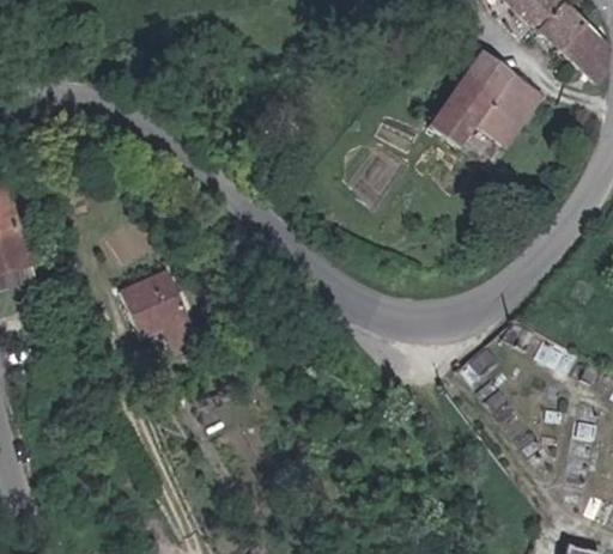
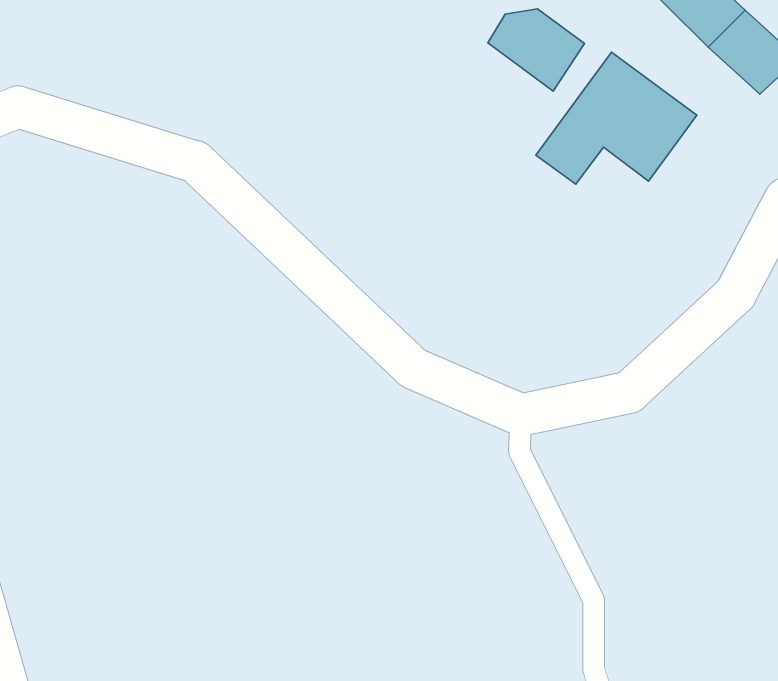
building: none -> [488,9,585,91]
building: [128,270,206,353] -> none

